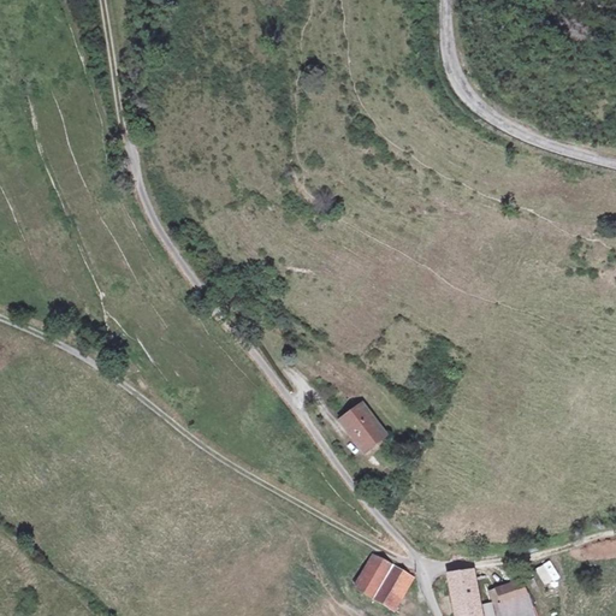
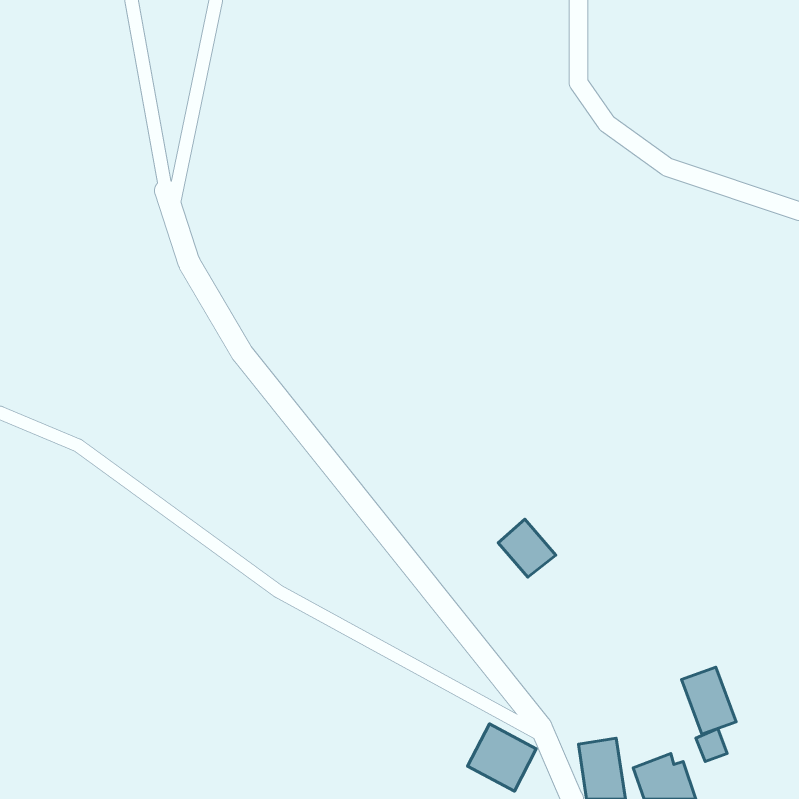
building: [340,405,385,450] -> [498,519,556,577]
building: none -> [681,667,736,734]

